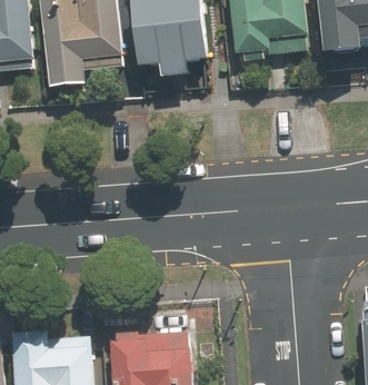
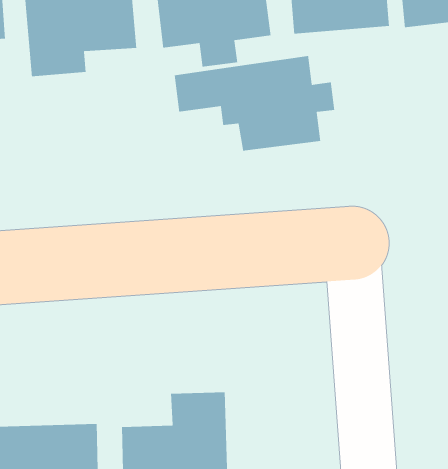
building: none -> [174,55,335,152]

